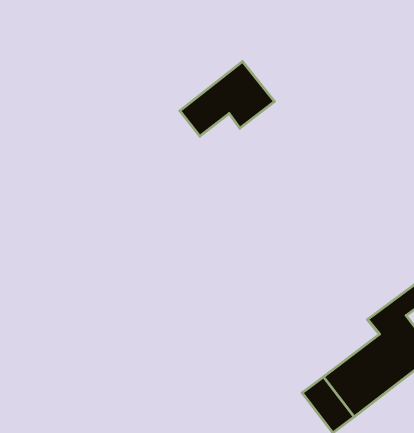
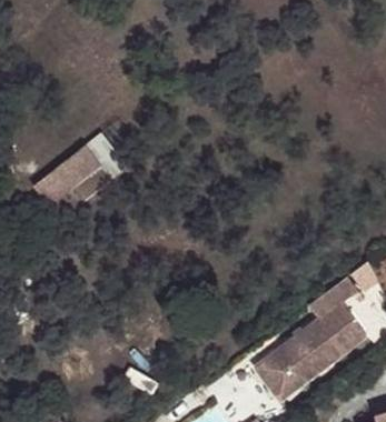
building: [180,62,274,136] -> [33,145,112,208]

